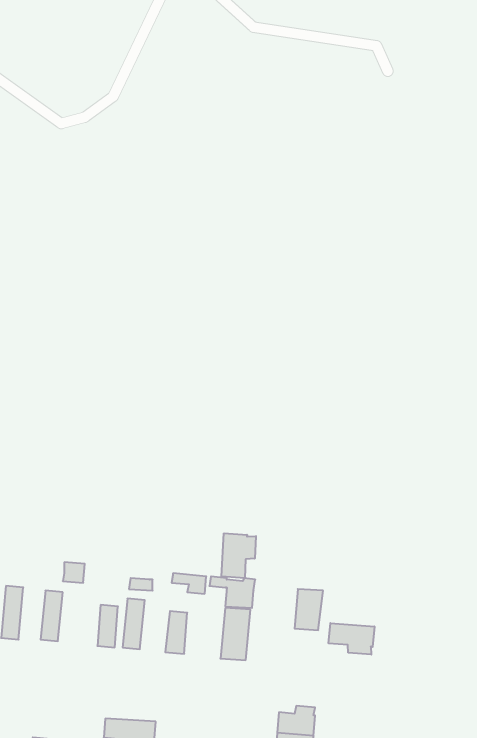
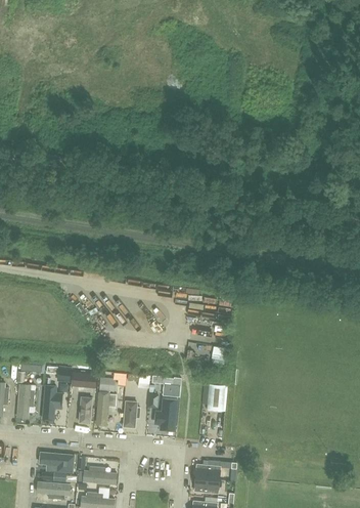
building: [221,533,256,578] -> none
building: [329,623,374,655] -> none
building: none -> [39,453,75,472]

